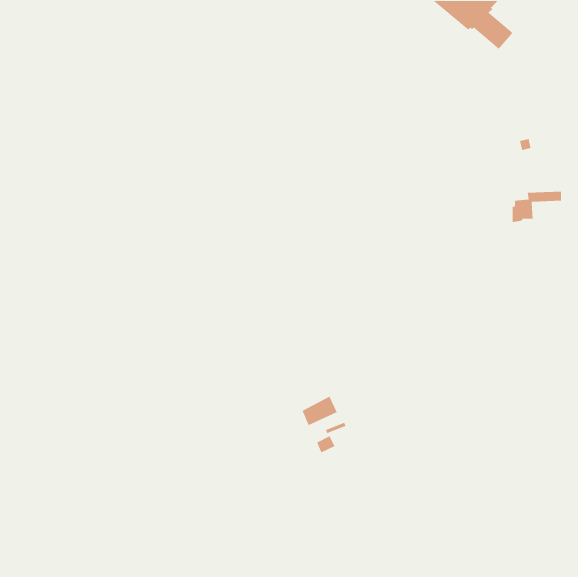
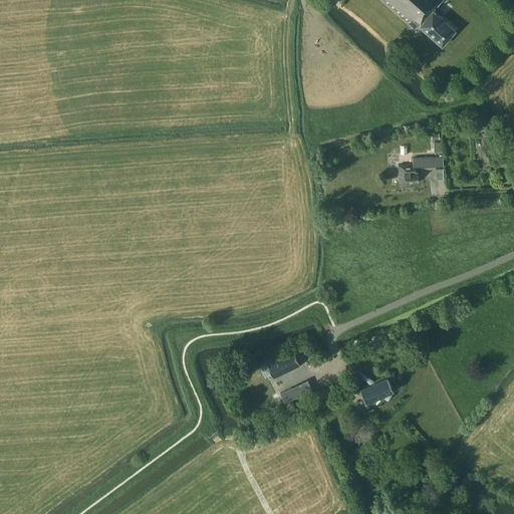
building: [512,191,562,223] -> [400,159,444,187]
building: none -> [360,378,394,403]

